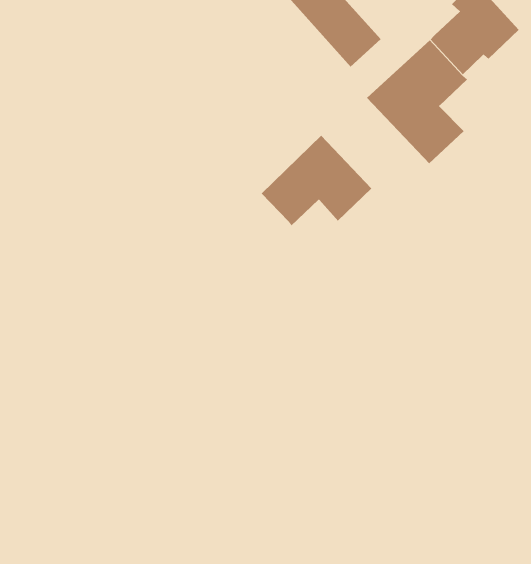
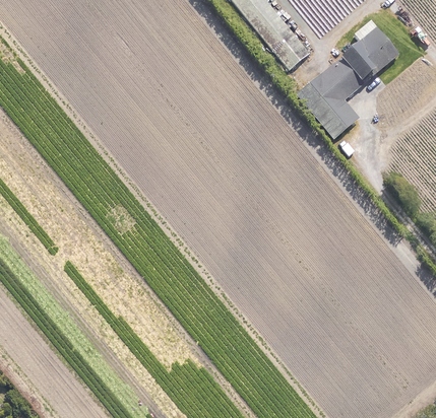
building: [261,135,372,226] -> none

